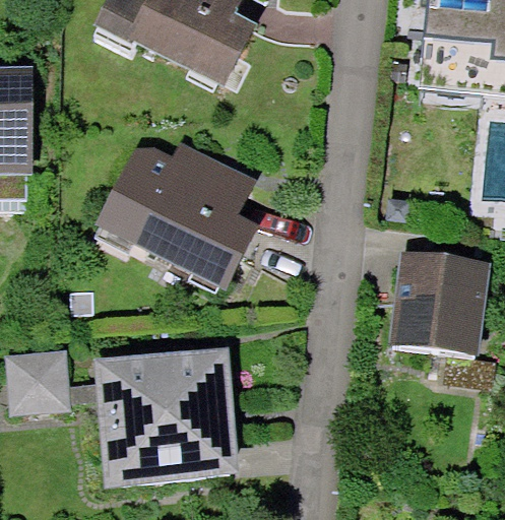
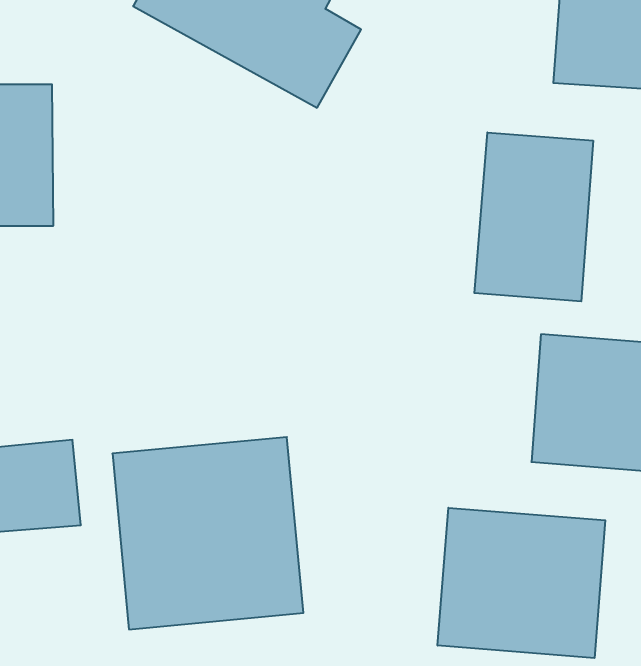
building: none -> [474,132,593,301]
building: [84,129,266,295] -> none
building: none -> [438,508,605,658]

